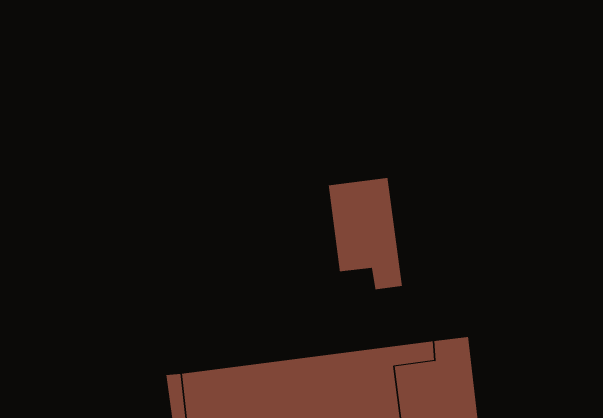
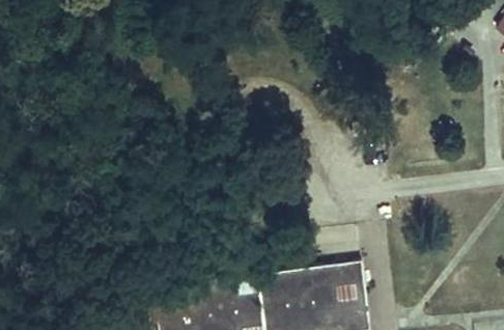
building: [328,177,403,290] -> none

